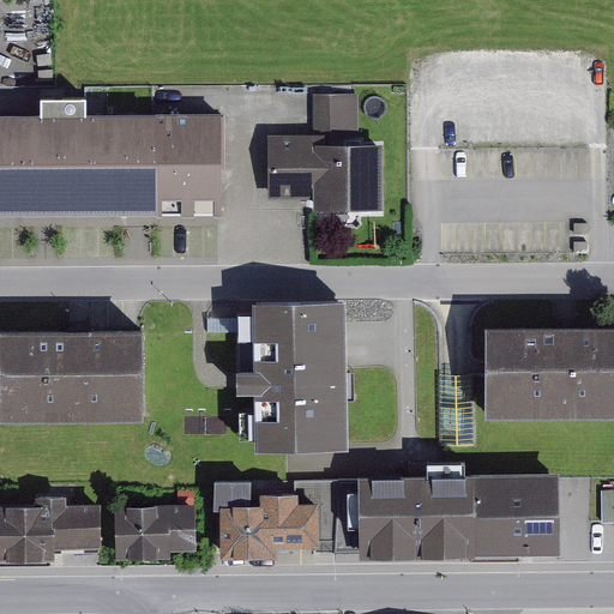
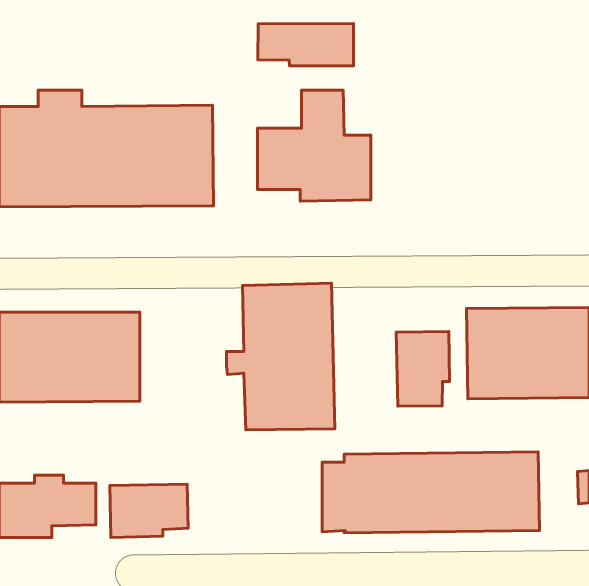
building: none -> [258,24,354,66]
building: none -> [396,332,449,406]
building: [213,482,335,560] -> none

